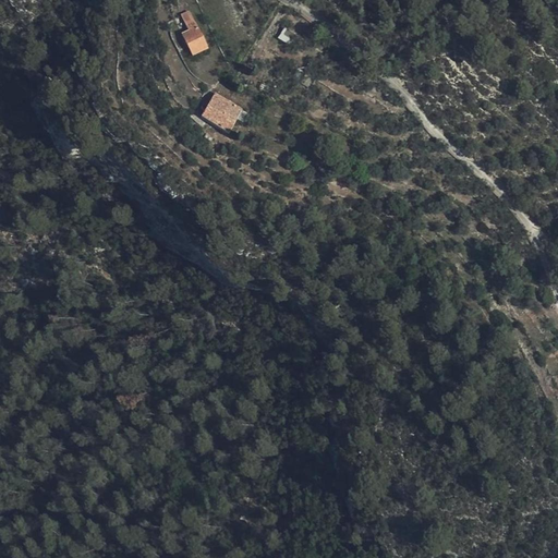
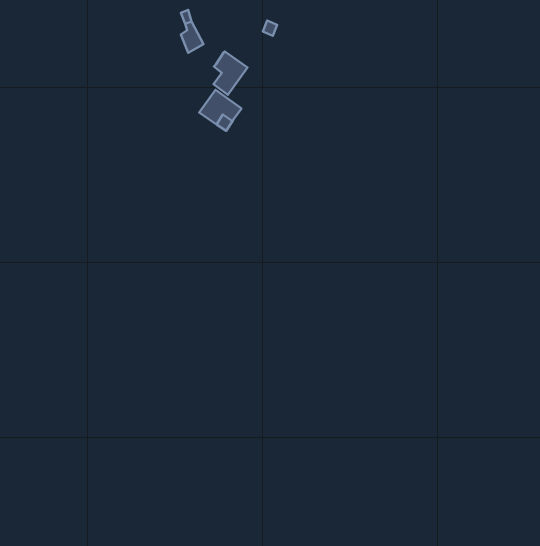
building: none -> [213,51,247,95]

